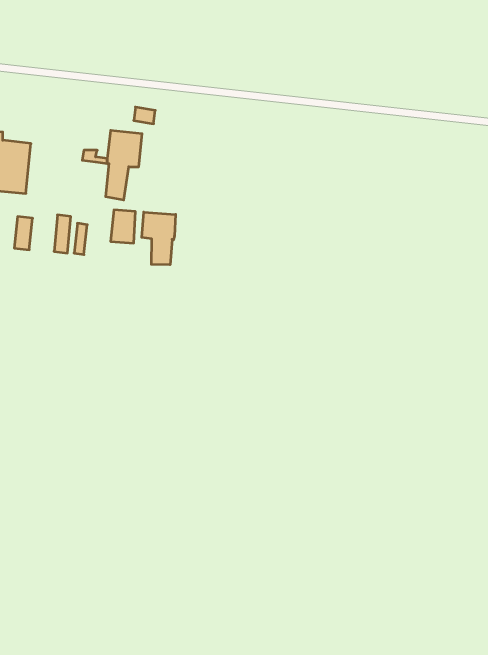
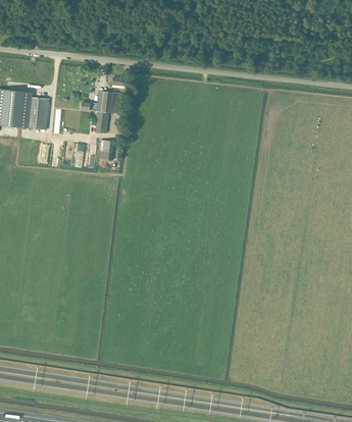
building: [142,212,176,265] -> none

